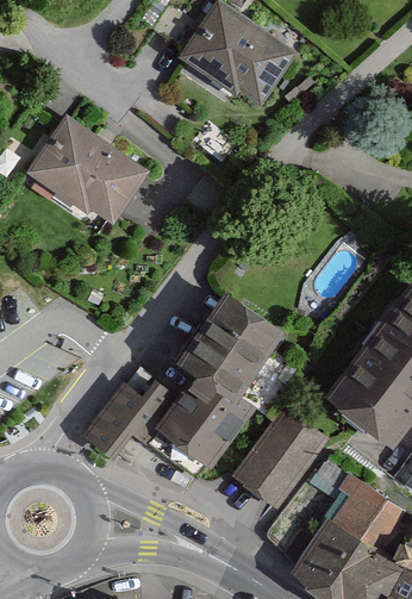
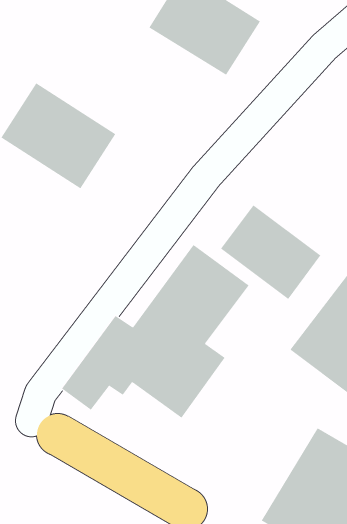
building: none -> [220,204,321,300]
building: [239,406,336,510] -> none

